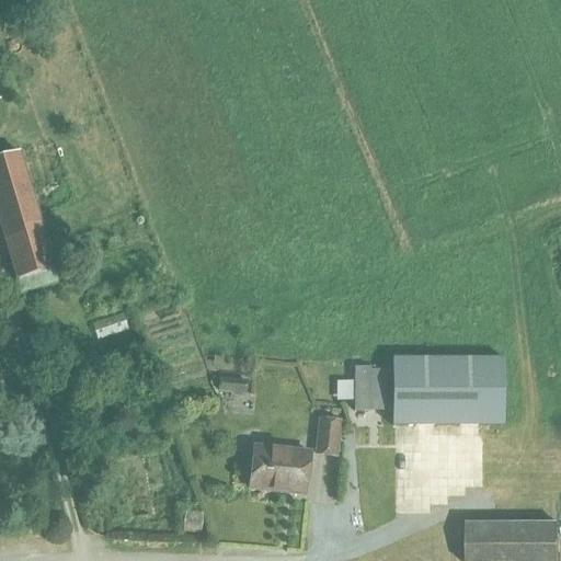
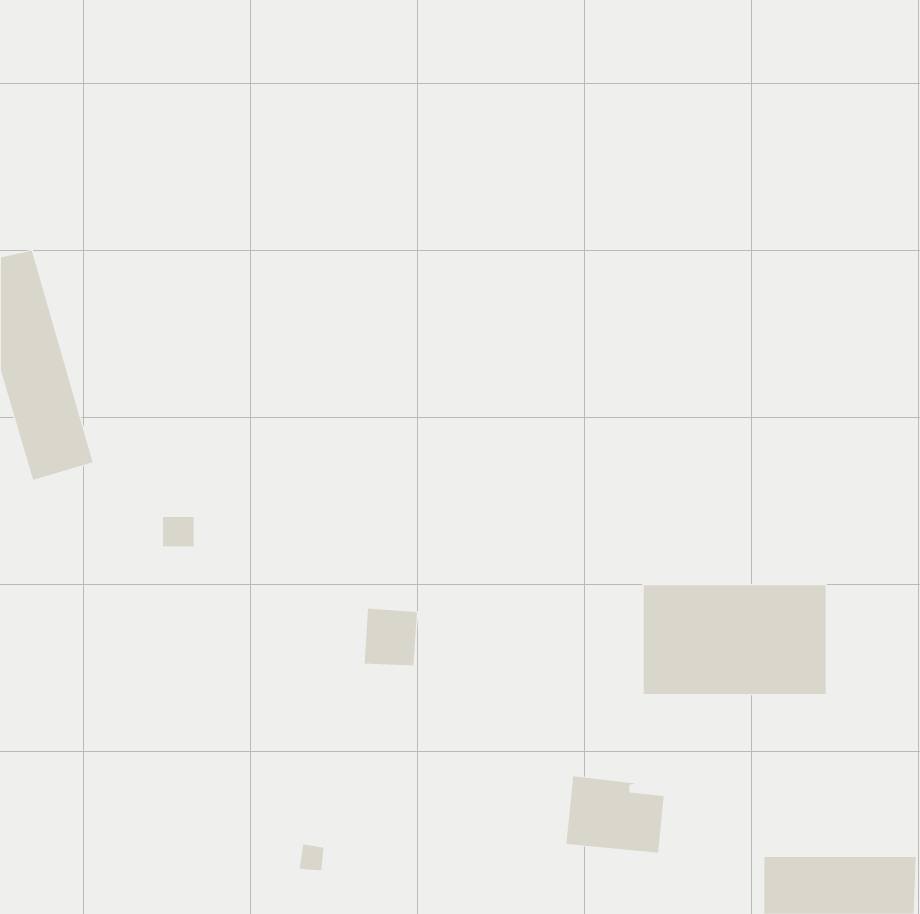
building: [354,365,385,409] -> none
building: [316,416,339,454] -> none
building: [249,445,309,492] -> [565,776,664,853]

